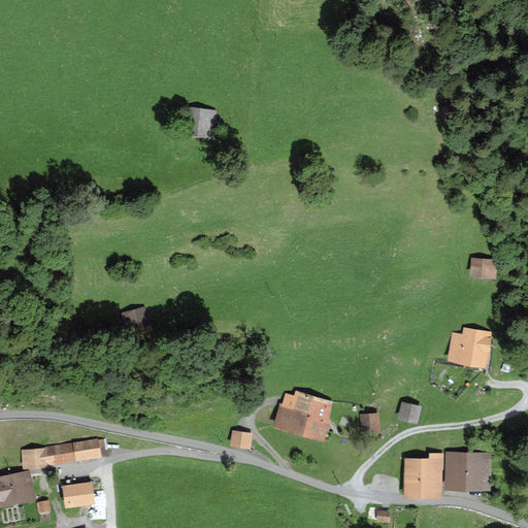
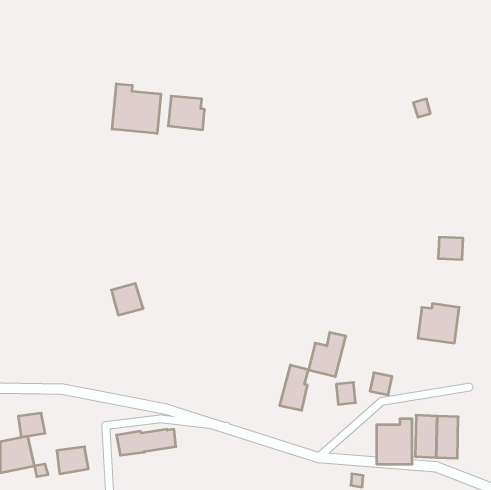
building: none -> [112,84,161,134]
building: [271,389,311,436] -> [308,332,346,377]
building: [230,429,253,449] -> none
building: [44,438,108,466] -> [116,429,176,455]

